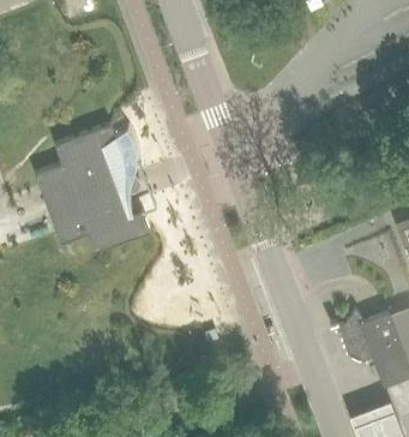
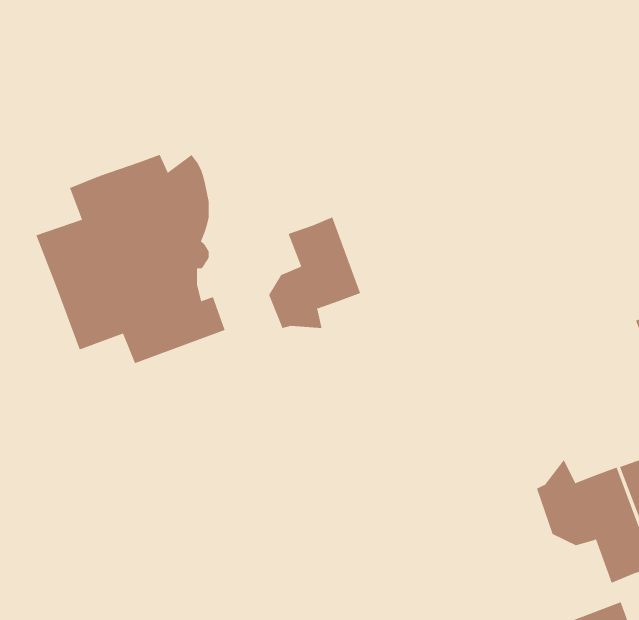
building: none -> [268,217,361,329]

